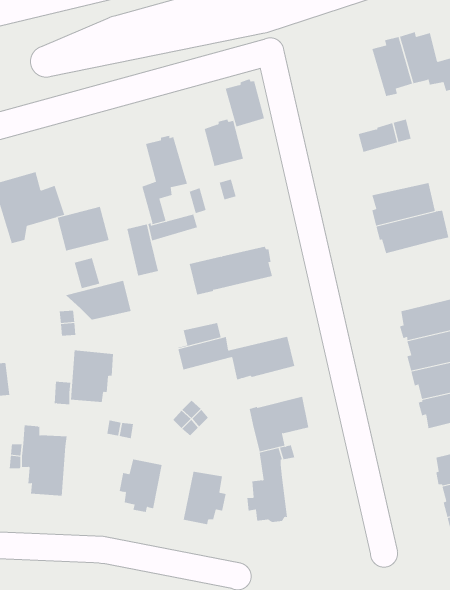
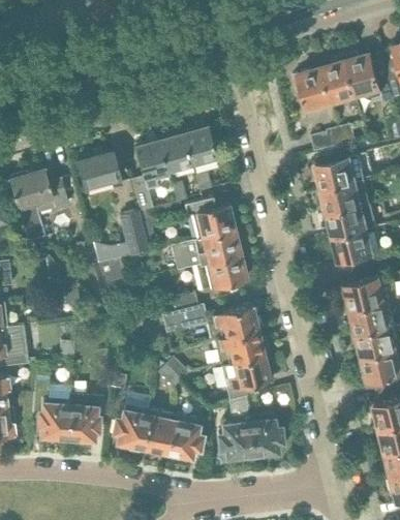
building: none -> [294,68,333,115]
building: [225,78,265,127] -> [158,132,191,173]
building: none -> [315,153,372,189]
building: [57,206,109,251] -> [76,152,120,189]
building: none -> [184,198,236,240]
building: none -> [331,226,381,262]
building: none -> [191,256,246,293]
building: [70,350,114,402] -> [66,397,102,440]
building: none -> [214,331,267,366]
building: none -> [142,412,174,458]
building: none -> [248,420,282,458]

